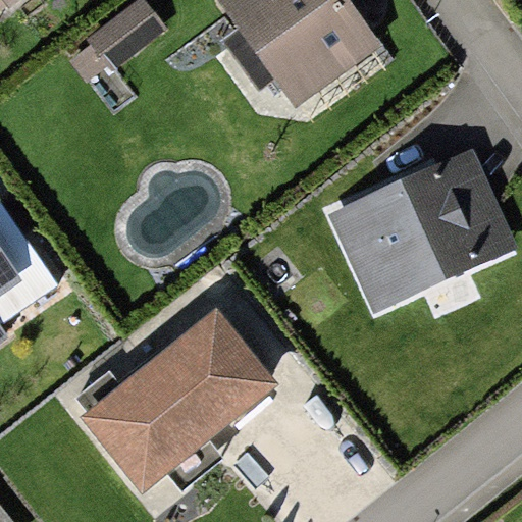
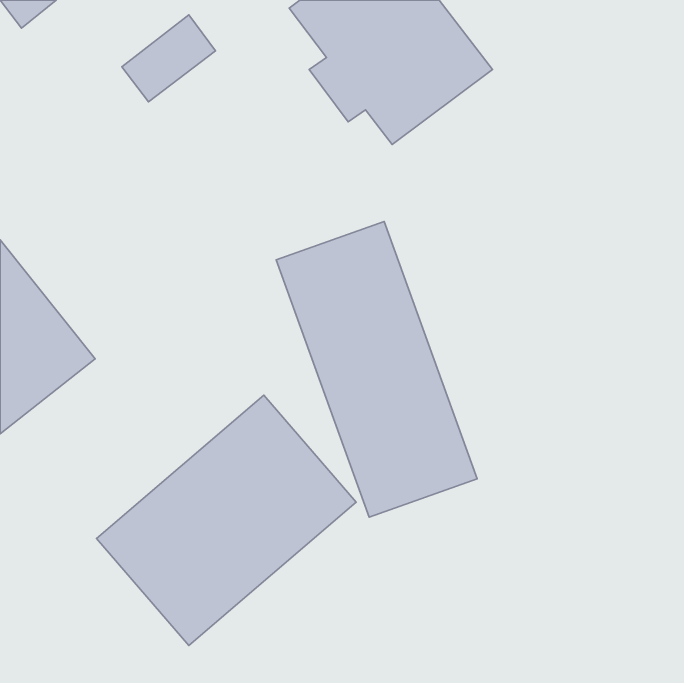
building: [328,145,514,305] -> none
building: none -> [276,221,477,517]

